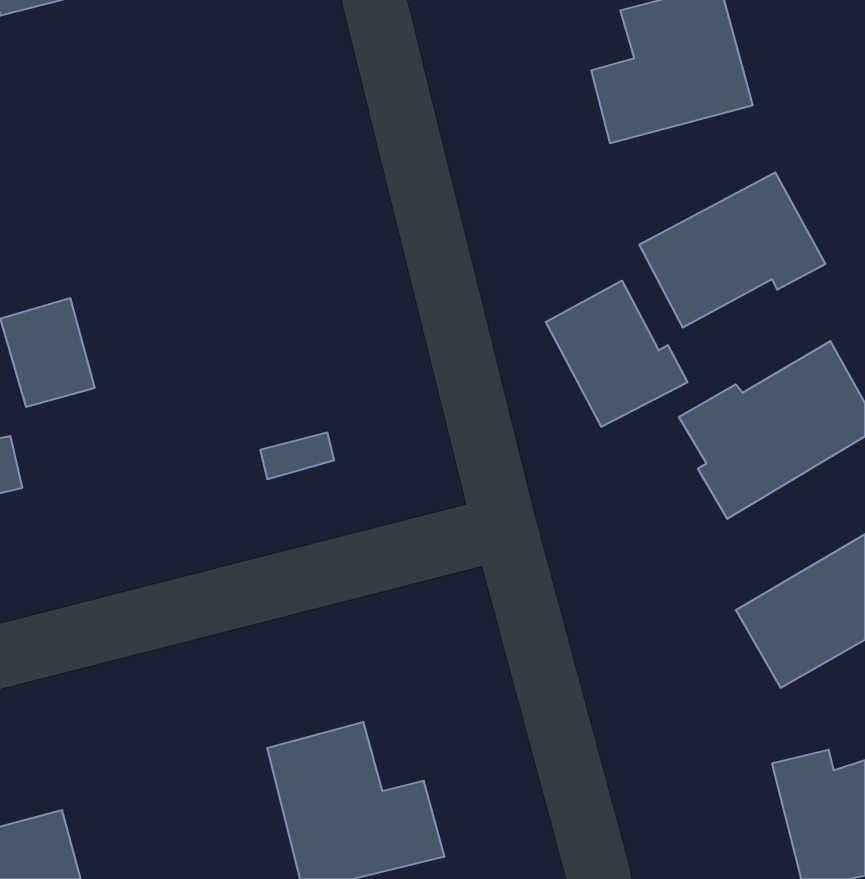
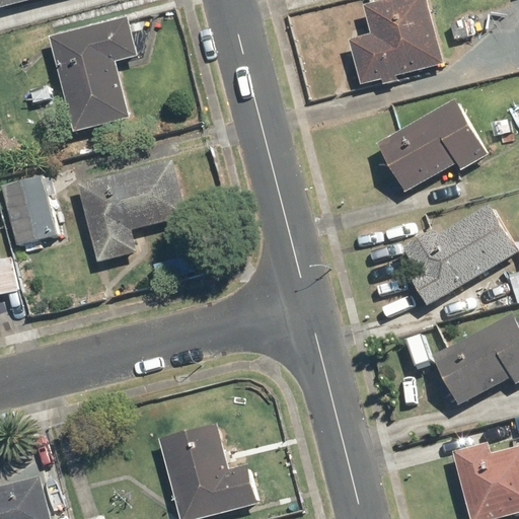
building: none -> [48,17,138,129]
building: none -> [78,161,183,263]
building: [546,281,687,427] -> none

